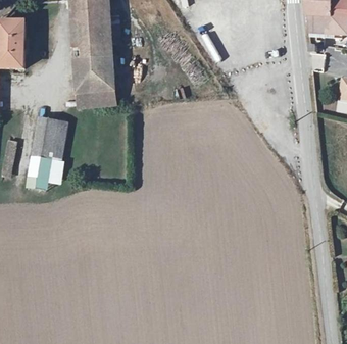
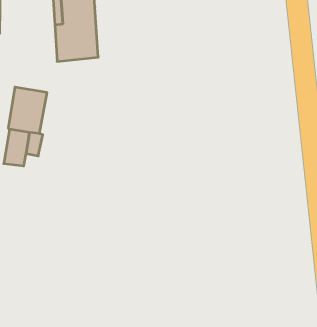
building: [77,89,115,107] -> none

